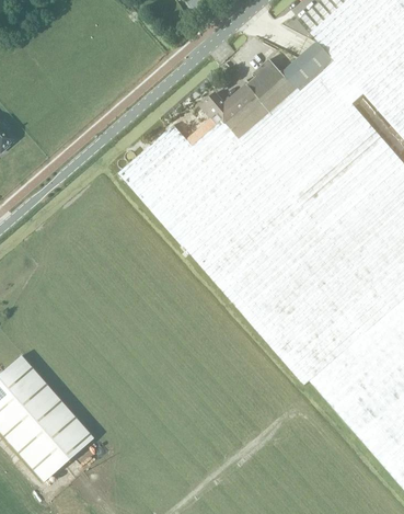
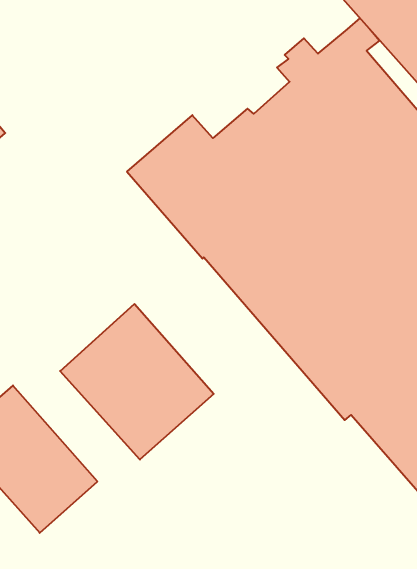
building: [200,83,257,123] -> none
building: none -> [60,304,214,460]

